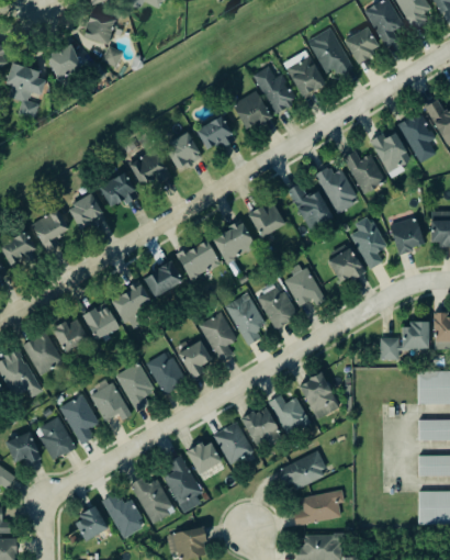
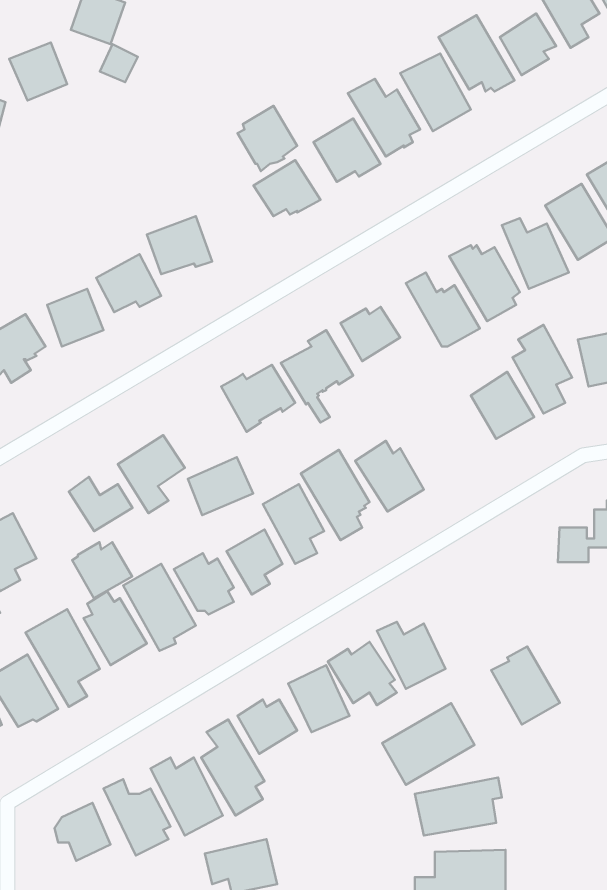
building: [165,132,201,171] -> [237,106,297,171]
building: [144,261,183,296] -> [188,457,253,515]
building: [283,264,325,305] -> none
building: [52,318,88,352] -> [72,542,132,598]
building: [297,372,339,419] -> [491,647,560,724]

